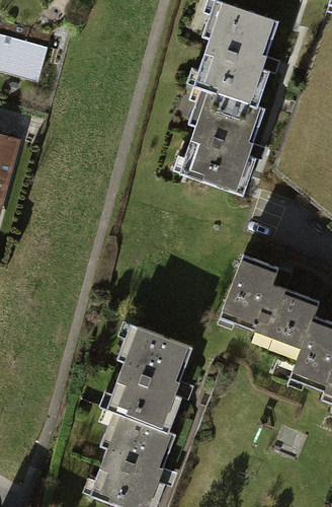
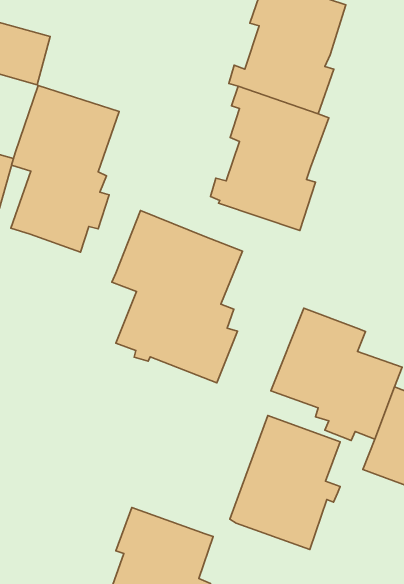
building: none -> [11,85,119,252]
building: none -> [112,211,243,383]
building: [107,327,192,430] -> [230,416,340,549]

